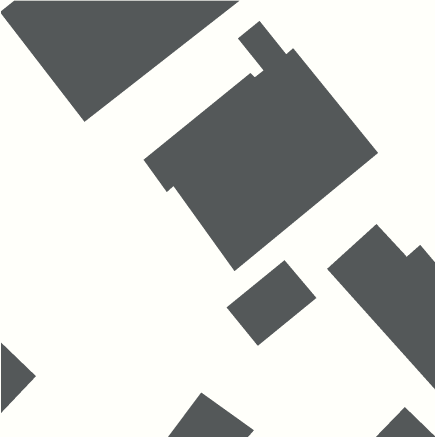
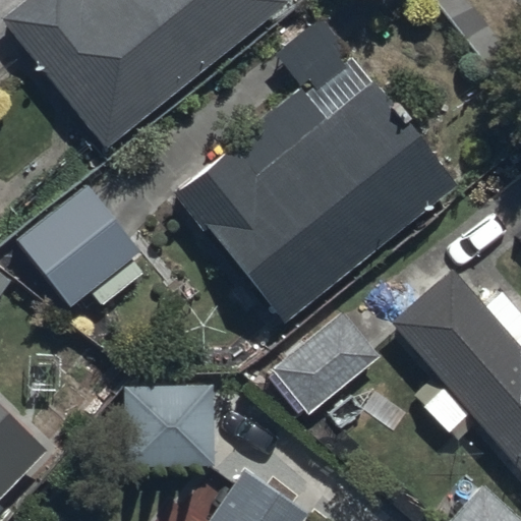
building: none -> [14,180,148,312]
building: none -> [122,384,217,467]

